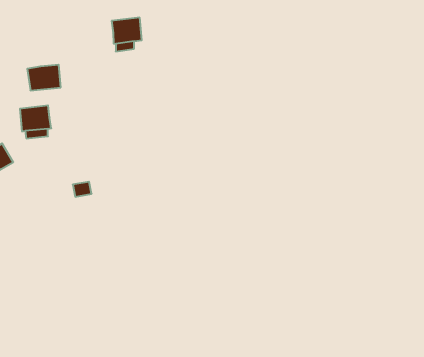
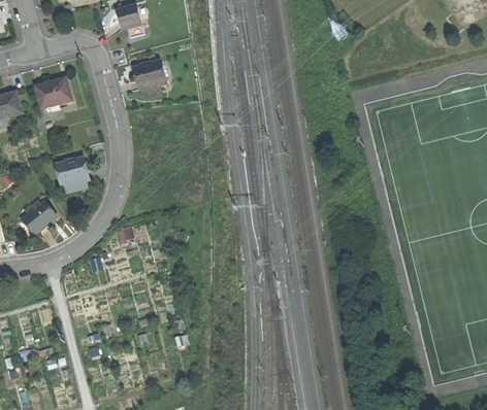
building: [27,65,61,90] -> [35,78,70,107]

